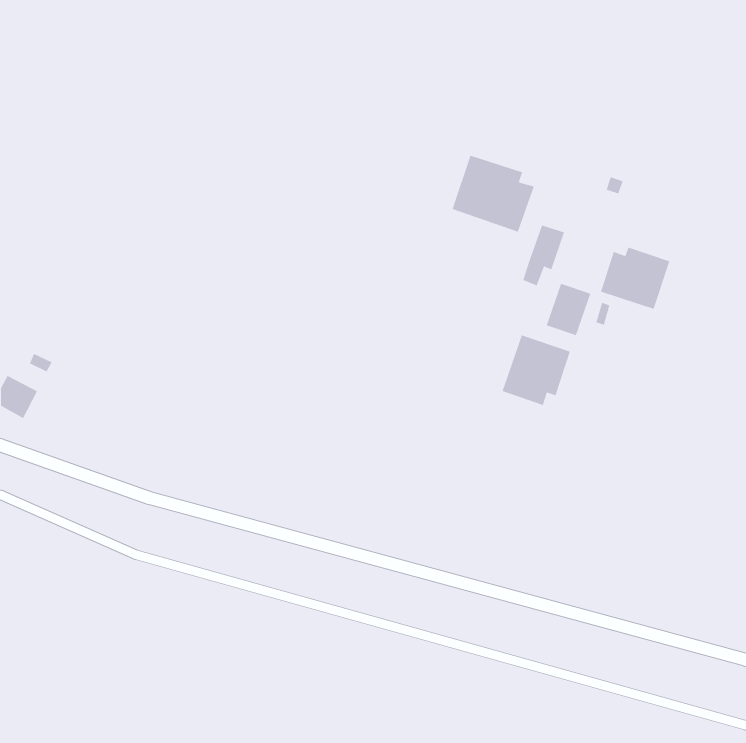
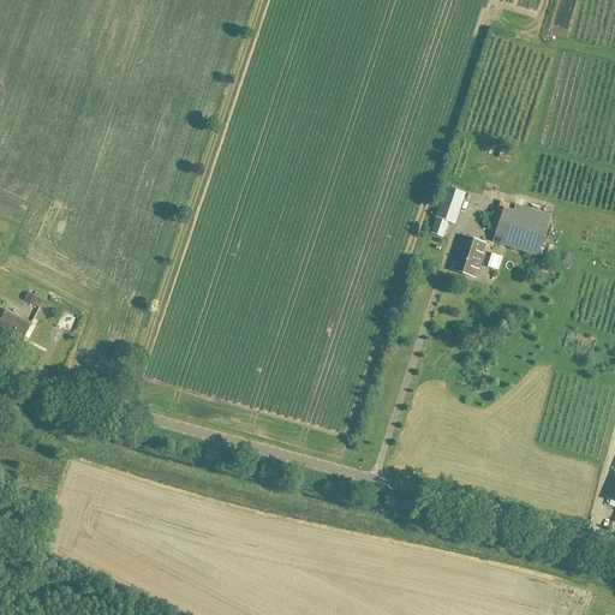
building: [452,155,534,232] -> none
building: [502,335,571,406] -> none

